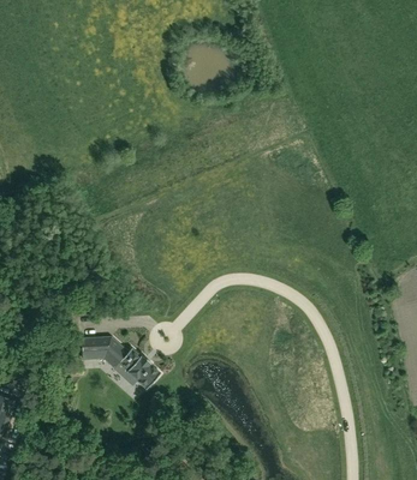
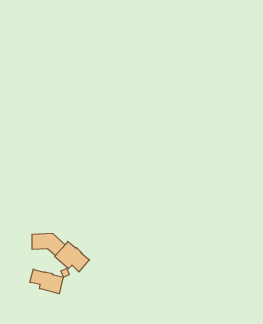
building: none -> [30,269,63,294]

